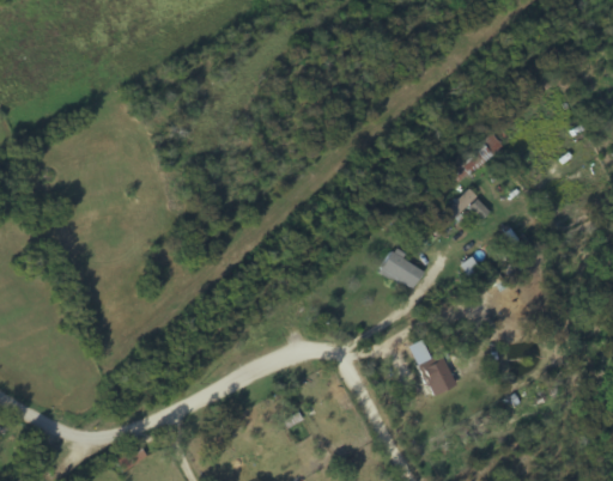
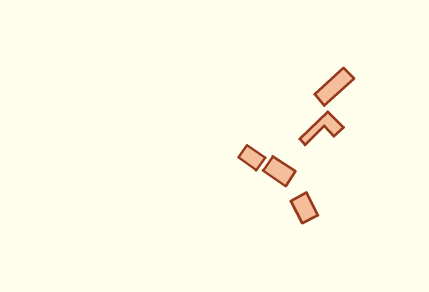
building: none -> [239,145,265,170]
building: [419,353,456,395] -> [291,193,318,223]

